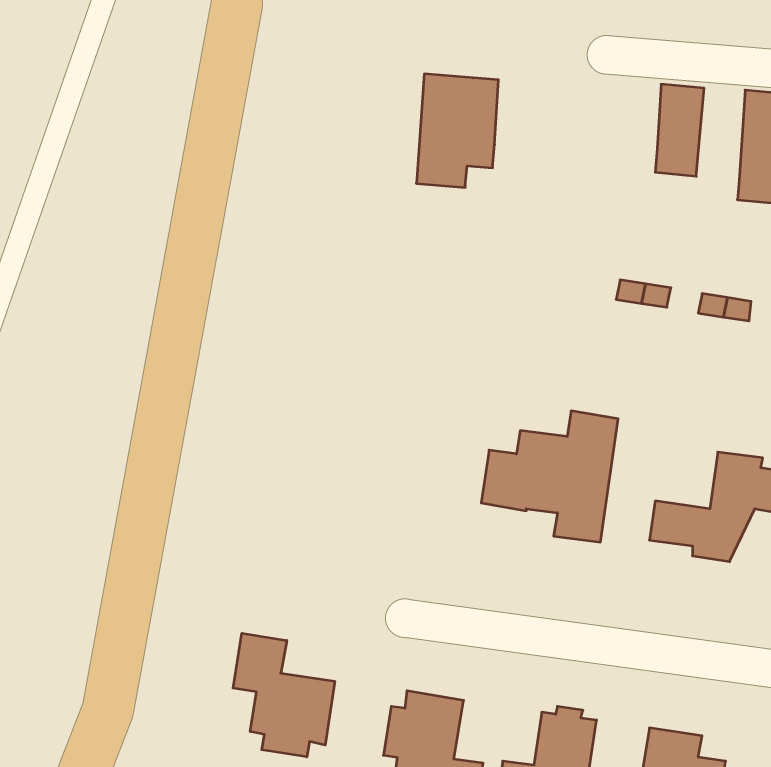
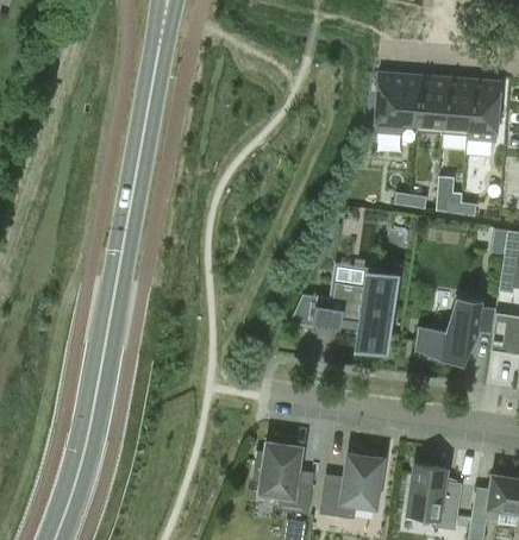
building: [416,74,498,187] -> [373,70,423,139]
building: none -> [444,75,474,132]
building: [233,633,335,757] -> none

